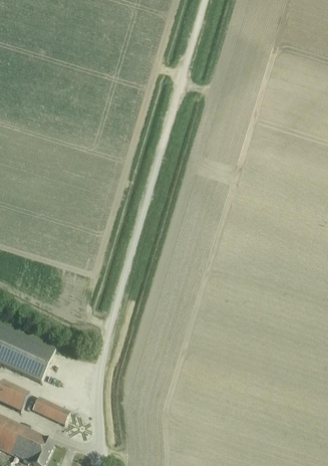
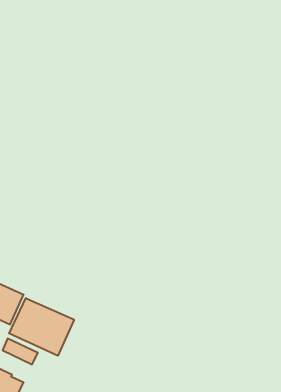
building: none -> [9,298,74,356]

